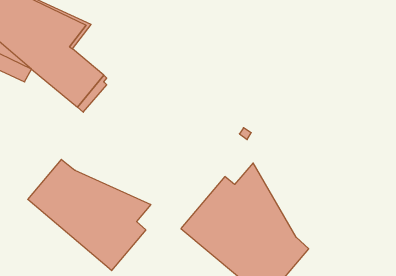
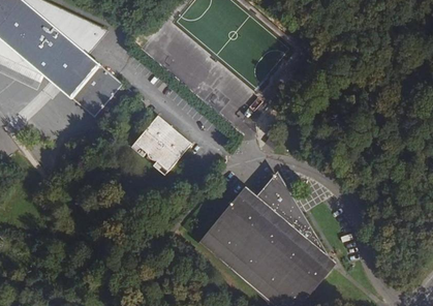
building: none -> [131,113,188,169]
building: [28,159,151,271] -> none

